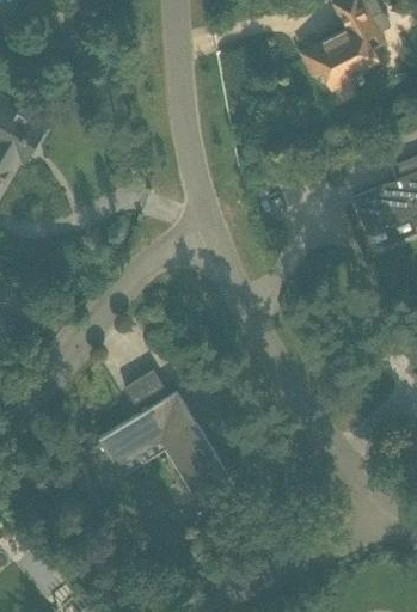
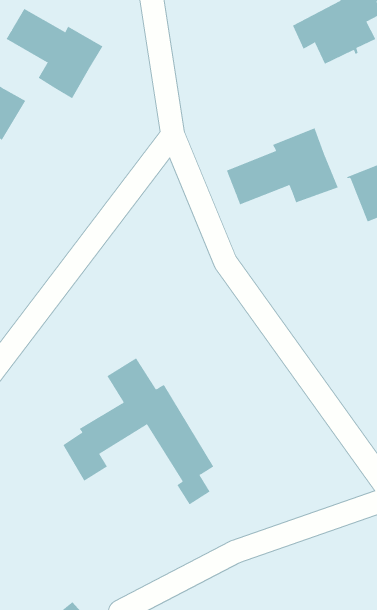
building: none -> [6,8,103,99]
building: none -> [226,127,338,205]

